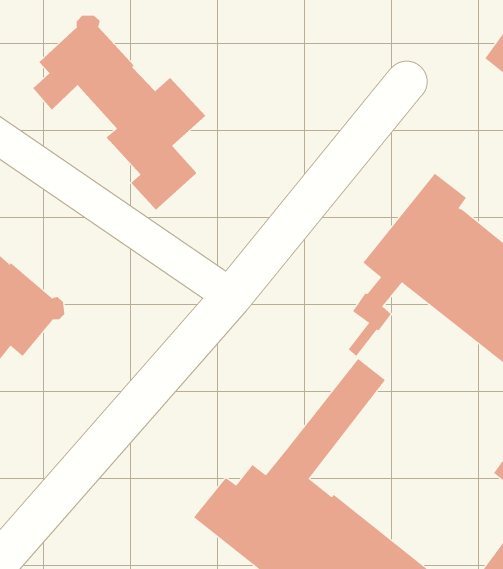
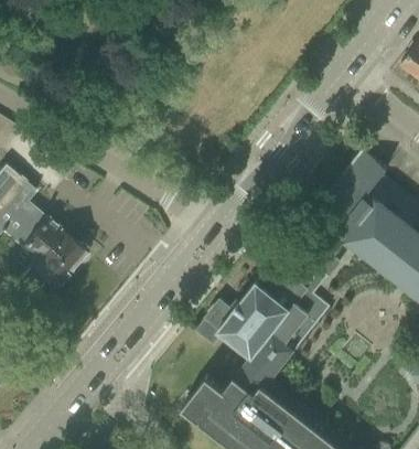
building: [32,15,206,211] -> none
building: none -> [197,264,307,359]

